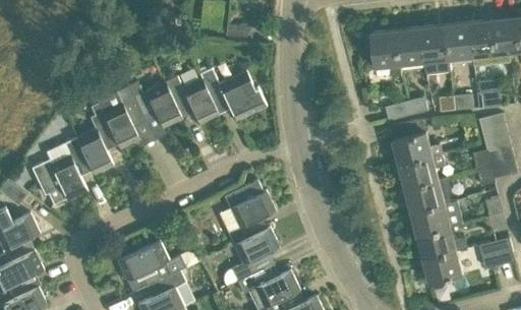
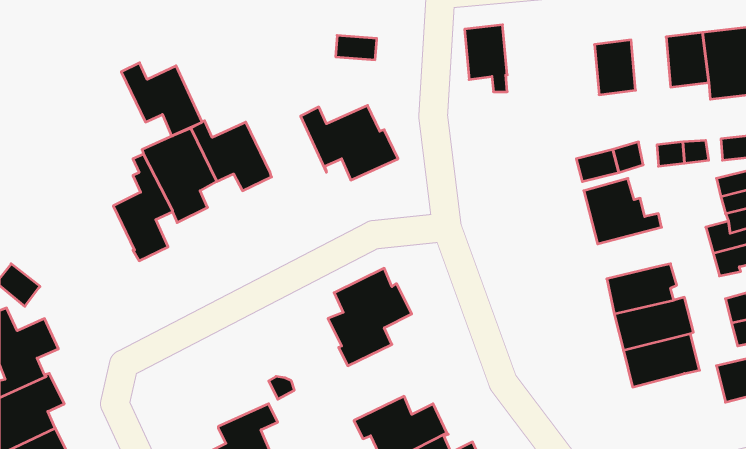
building: [422,25,451,74] -> none
building: [372,30,401,75] -> [465,25,507,92]
building: [165,76,219,125] -> [121,63,202,136]
building: [32,138,91,205] -> none
building: [400,152,446,187] -> none
building: [231,228,279,282] -> none
building: [117,244,180,289] -> none
building: [423,250,464,283] -> none

